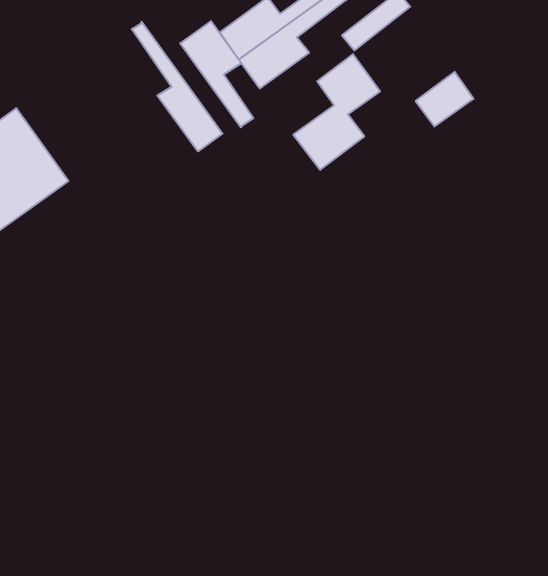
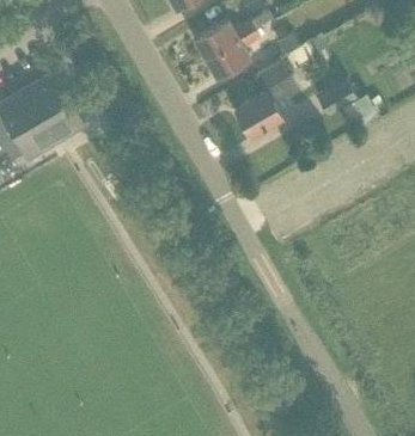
building: [180,21,253,127] -> none
building: [132,22,223,151] -> none

